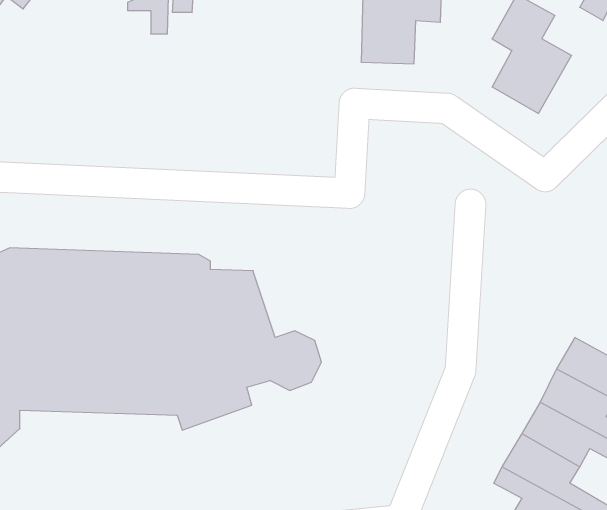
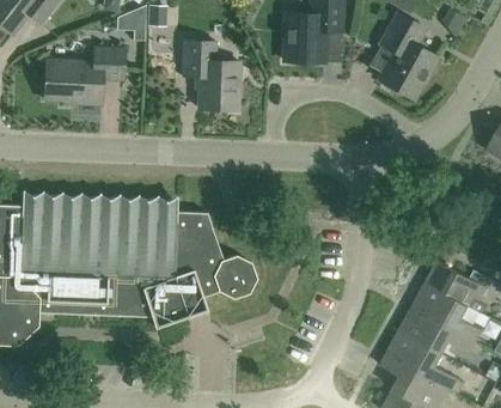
building: none -> [182,39,239,109]
building: none -> [44,47,124,104]

